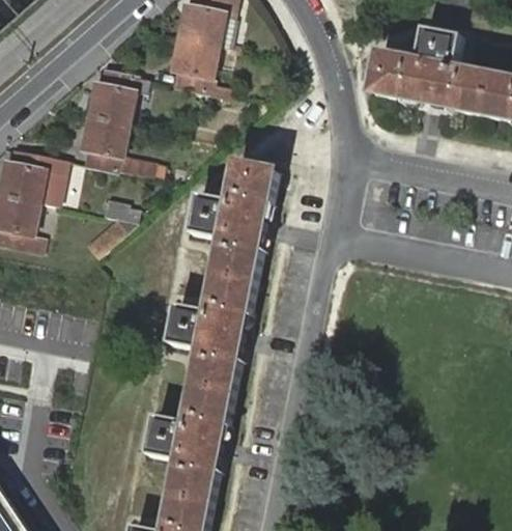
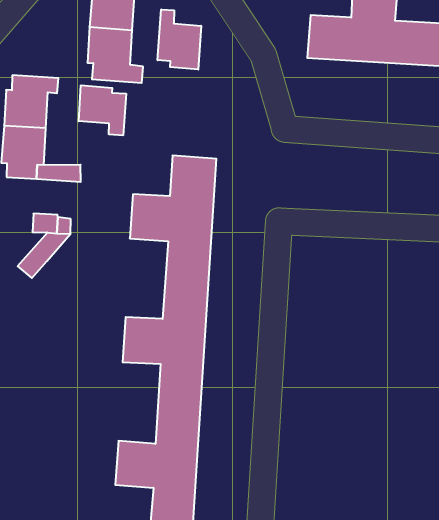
building: none -> [158,9,201,70]
building: none -> [79,85,126,135]

